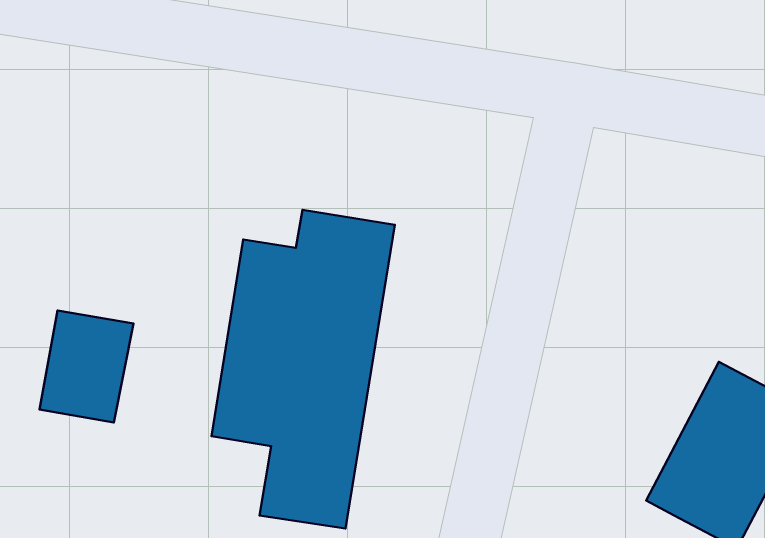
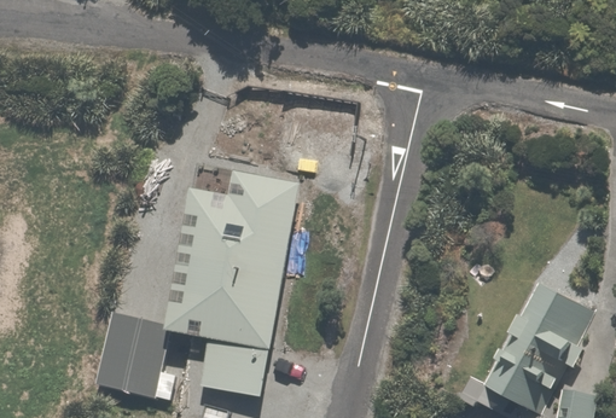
building: [39,310,134,423] -> [95,314,164,396]

